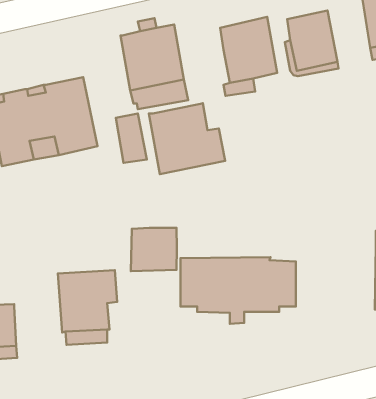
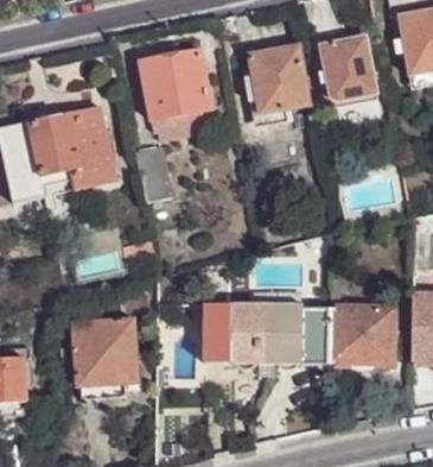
building: [149,103,225,174] -> none
building: [131,228,177,271] -> none
building: none -> [330,307,393,362]

